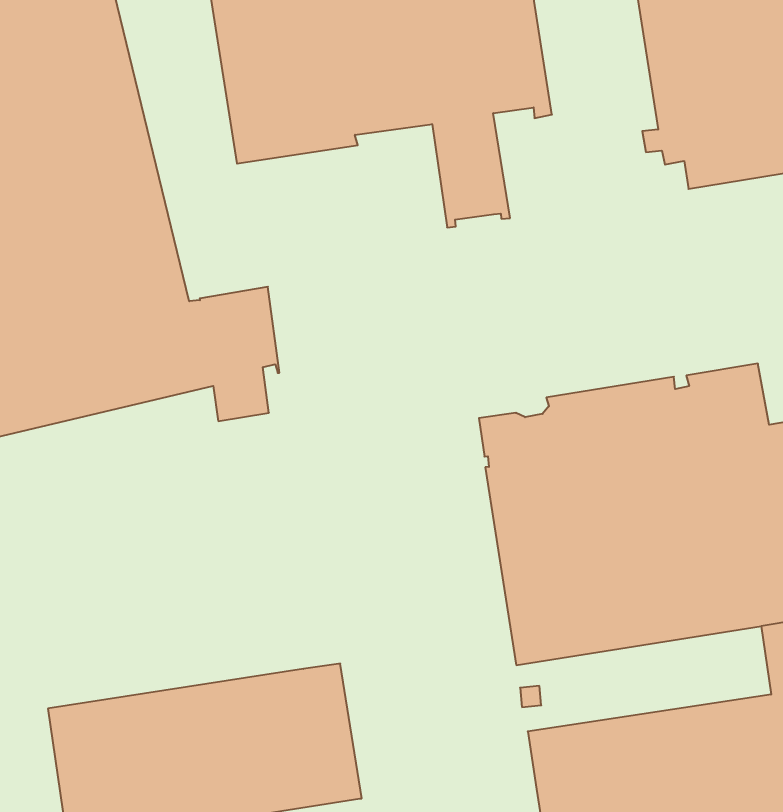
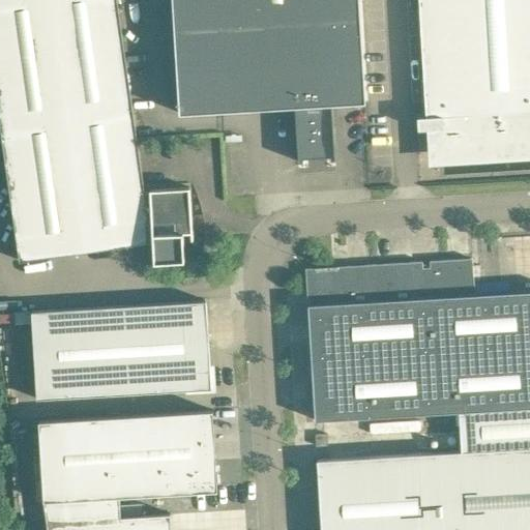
building: none -> [30,302,210,401]

